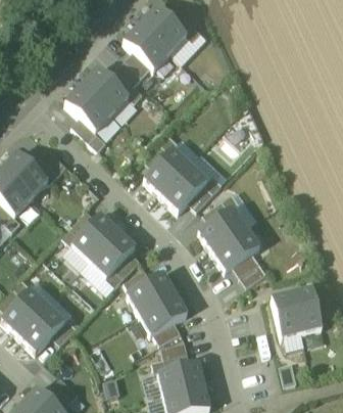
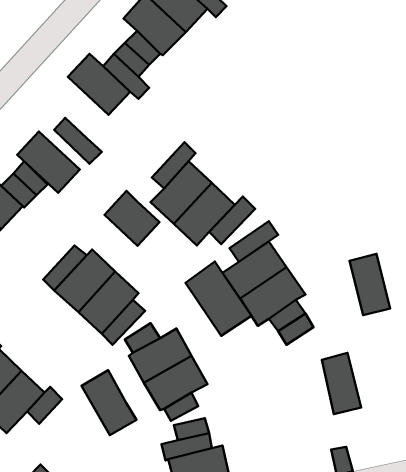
building: [66,85,113,131] -> [17,132,80,193]
building: none -> [104,191,160,246]
building: none -> [186,262,251,336]
building: [293,287,324,333] -> [349,254,390,315]
building: none -> [81,370,137,435]

